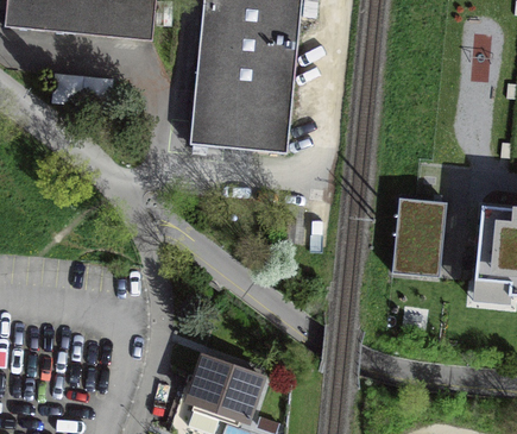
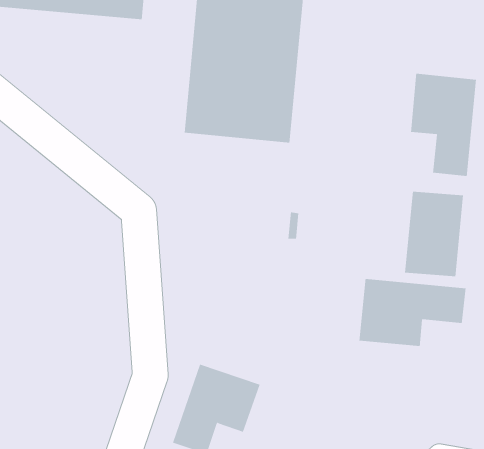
building: none -> [410,73,476,177]
building: none -> [359,278,466,347]

